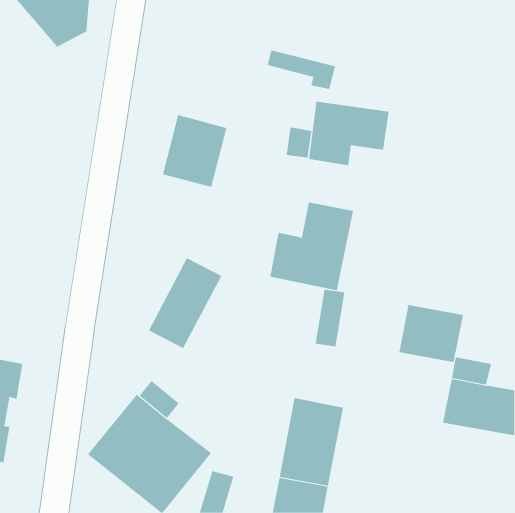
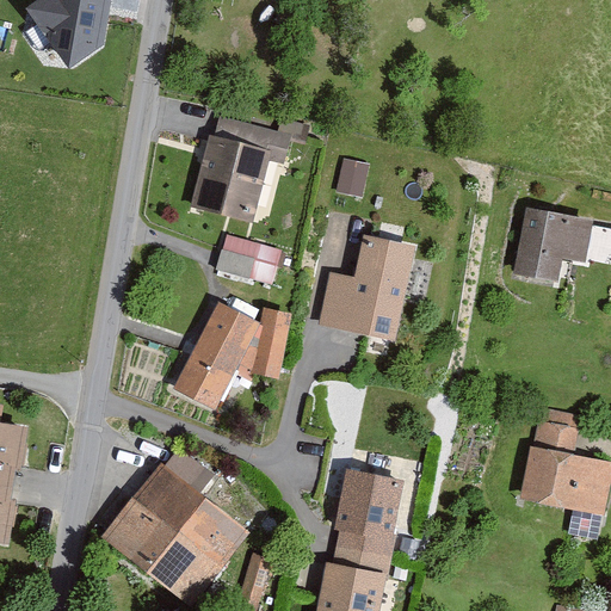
building: [267,50,336,89] -> [214,118,295,165]
building: [308,101,389,166] -> none
building: none -> [516,209,593,280]
building: none -> [215,235,279,288]
building: [315,289,345,347] -> [253,310,289,378]
building: [399,304,463,363] -> none

